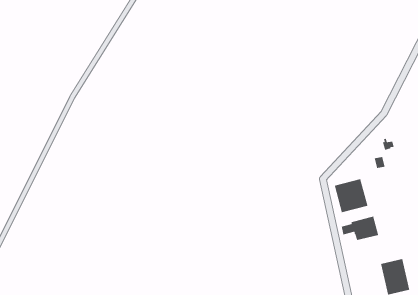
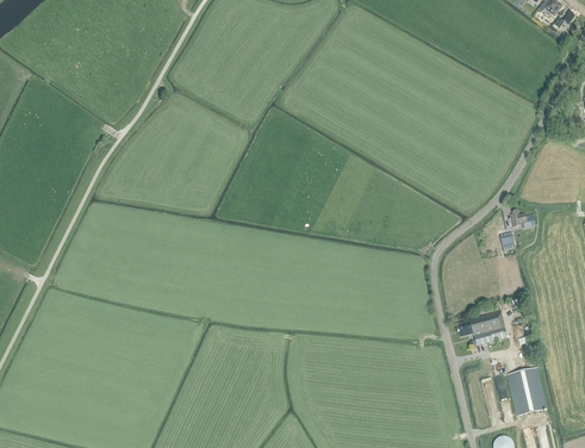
building: [334,178,368,213] -> none

